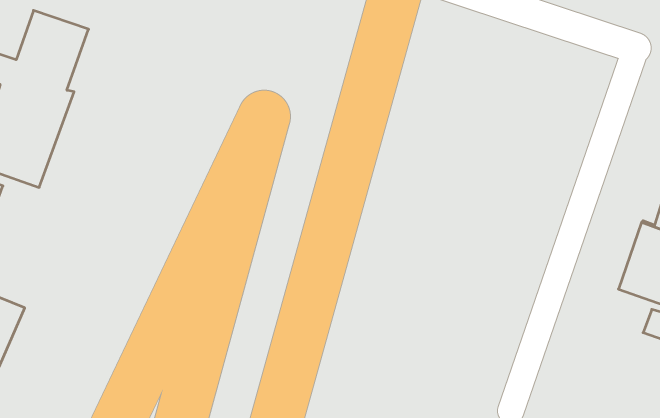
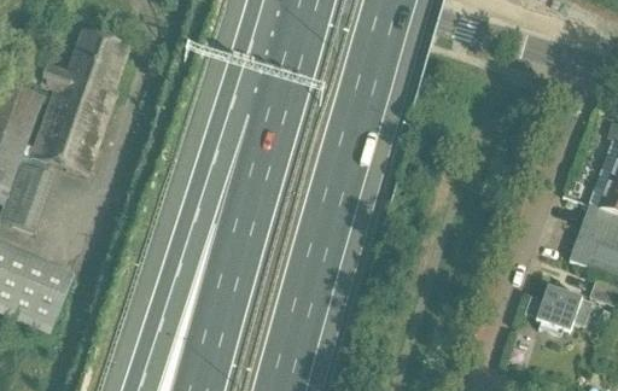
building: none -> [525,285,593,332]

